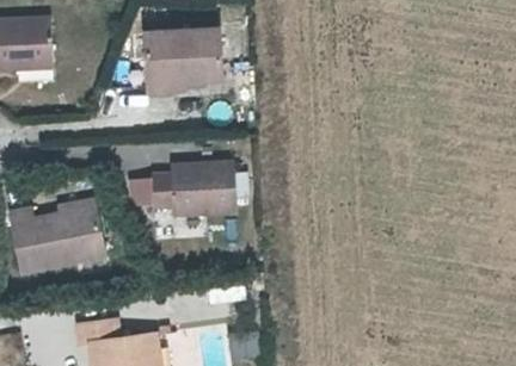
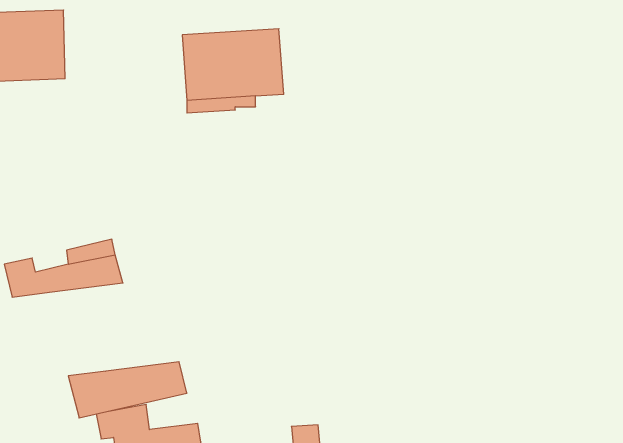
building: [152,163,238,213] -> none
building: [13,225,104,268] -> [68,362,187,418]

